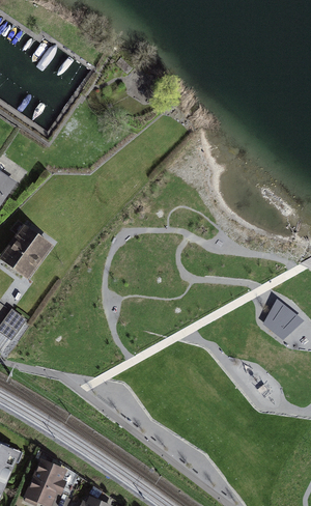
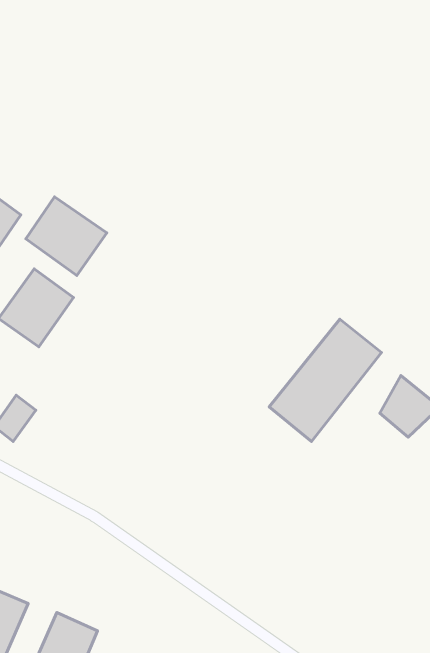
building: none -> [26,197,107,275]
building: none -> [269,319,382,441]

